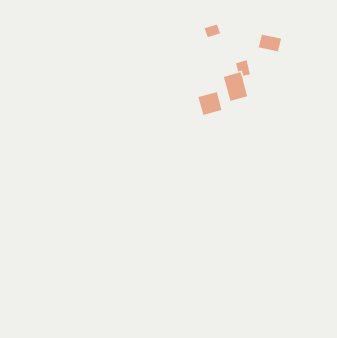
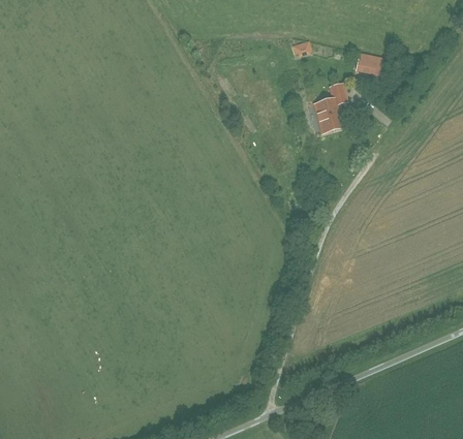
building: [198,91,223,116] -> none

